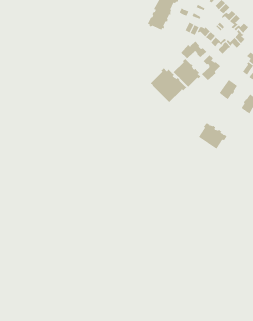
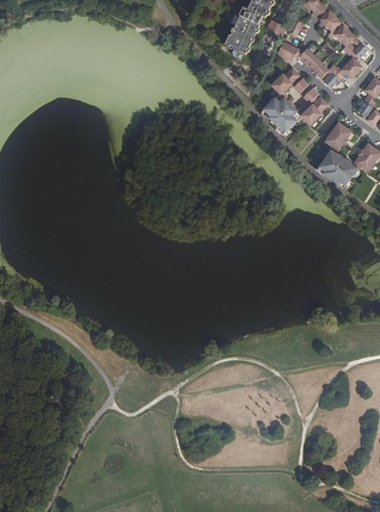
building: [150,67,187,103] -> none
building: [198,122,227,150] -> [318,148,358,187]

